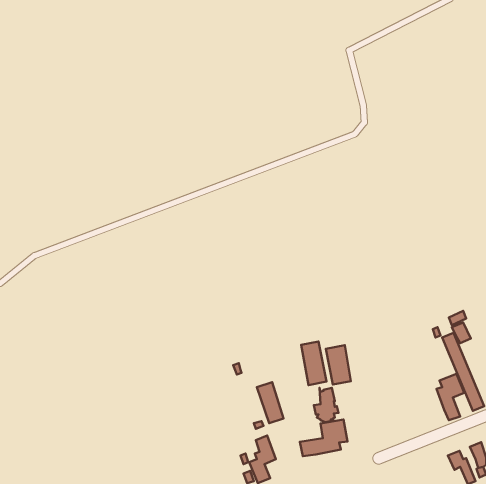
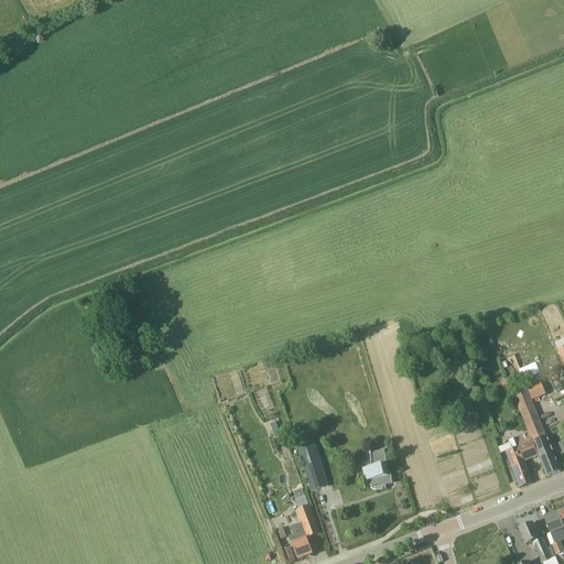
building: [301,342,326,385] -> none
building: [326,345,351,385] -> none
building: [300,420,347,456] -> none

